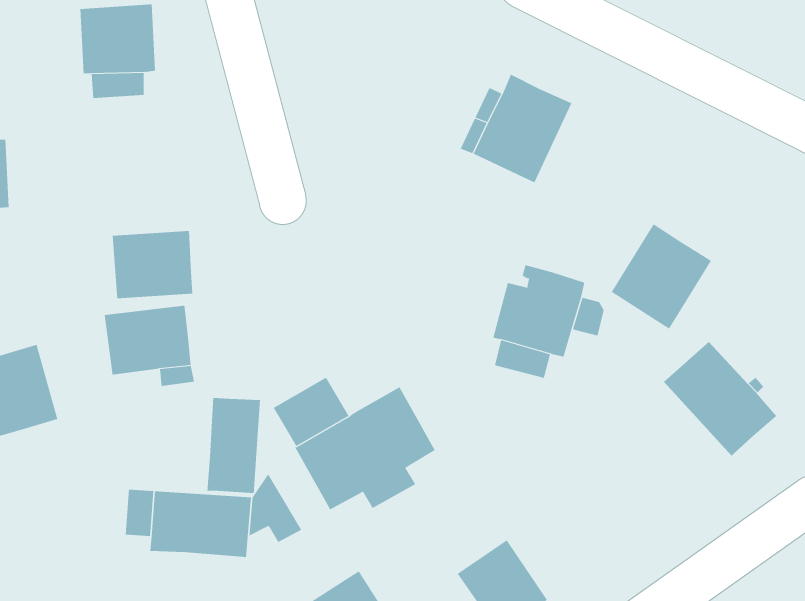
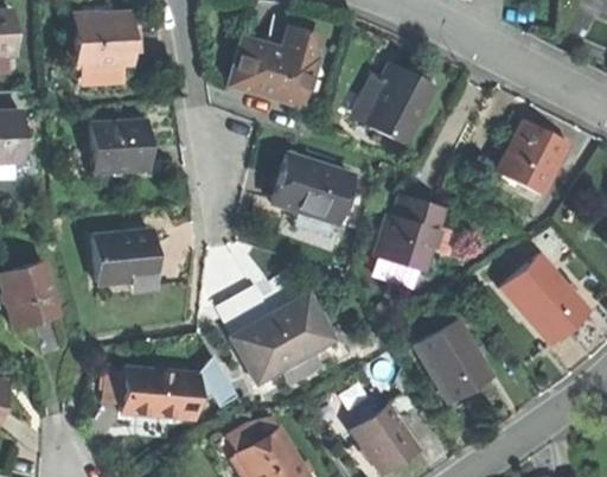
building: none -> [229,32,314,104]
building: none -> [280,157,357,223]
building: [611,224,712,329] -> [496,114,569,191]
building: [112,230,193,299] -> [89,122,148,172]
building: [207,397,260,494] -> none
building: none -> [414,318,493,402]

